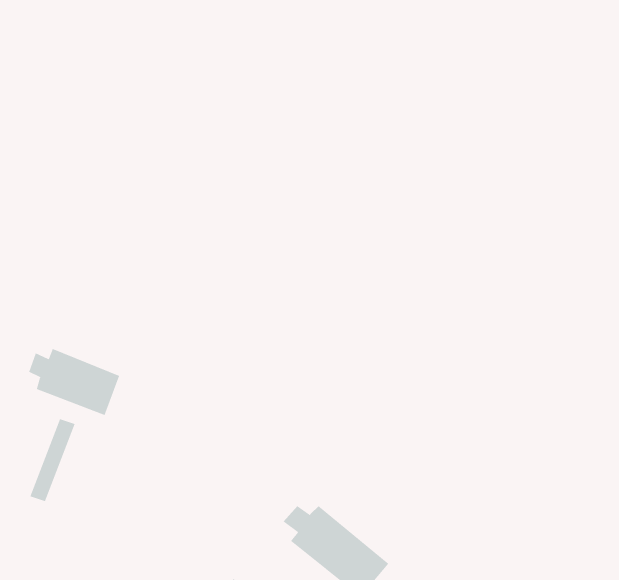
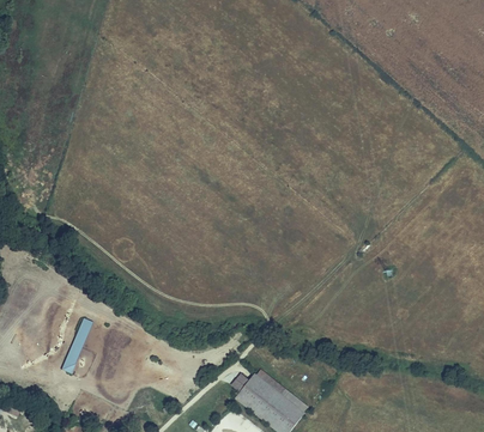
building: [29,348,120,416] -> none

